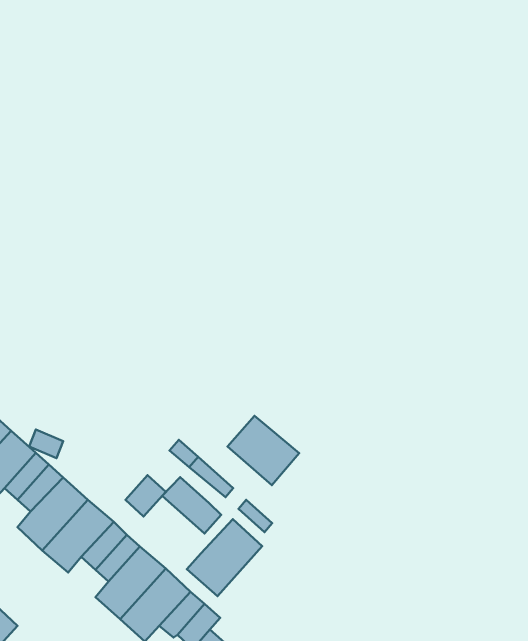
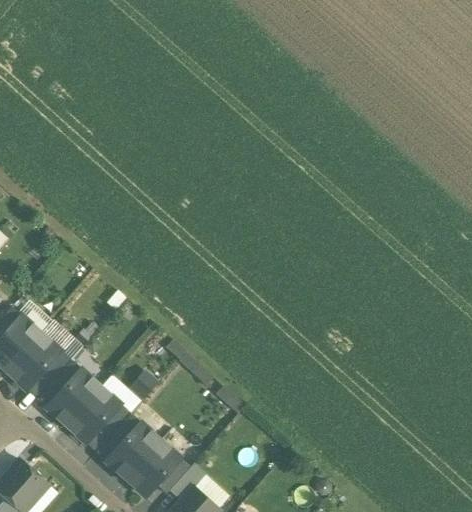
building: [228,416,299,485] -> none
building: [162,477,221,534] -> none
building: [187,519,262,596] -> none

